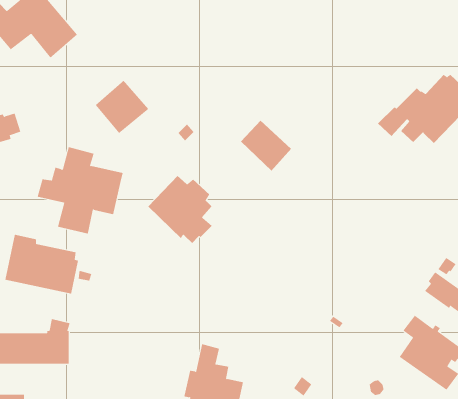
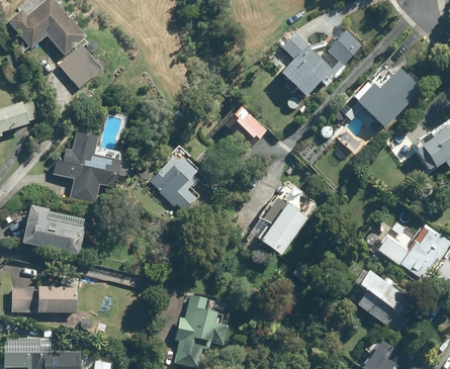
building: none -> [280,28,363,95]
building: [95,80,149,134] -> [58,43,103,89]
building: none -> [251,199,304,257]

